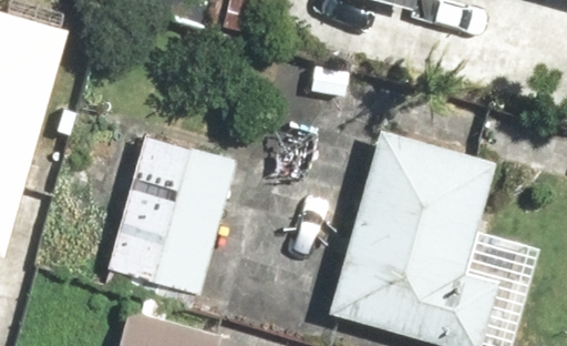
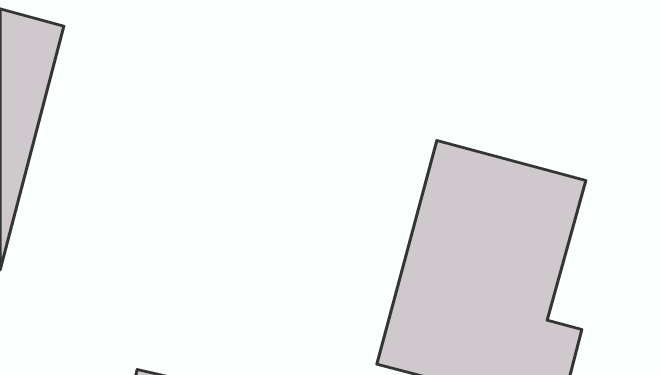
building: [107,143,243,296] -> none

